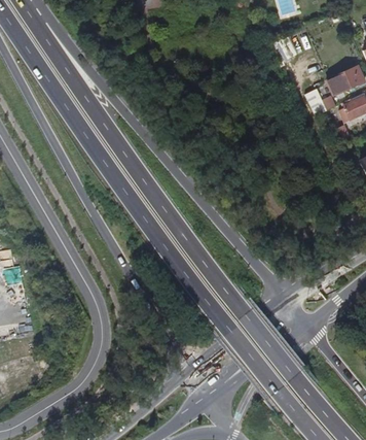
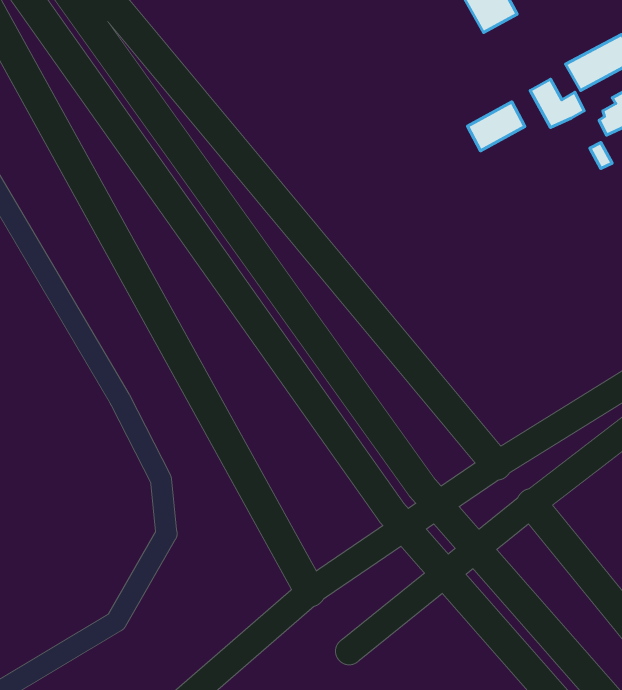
building: none -> [468,102,525,151]

